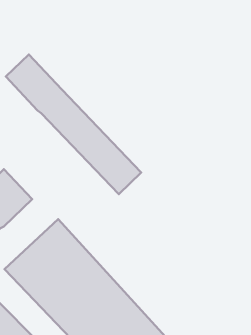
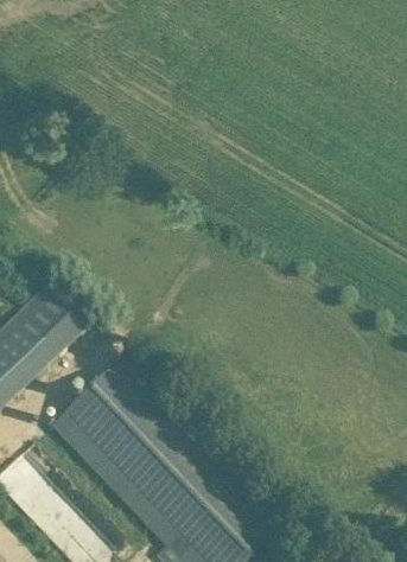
building: [6,55,141,194] -> none

